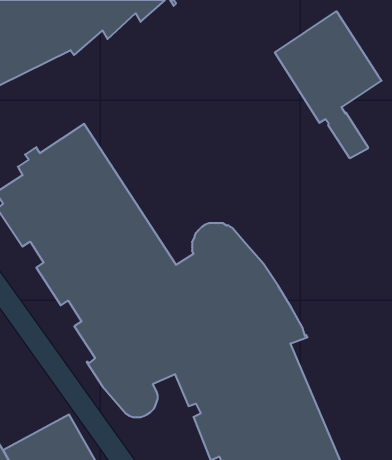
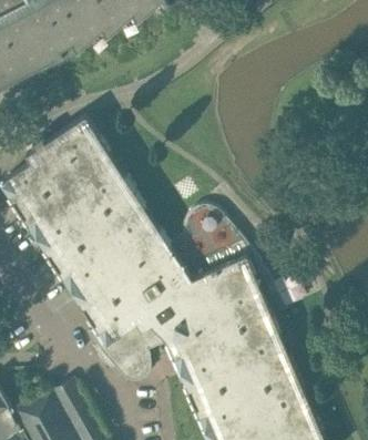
building: [275,11,382,158] -> none

